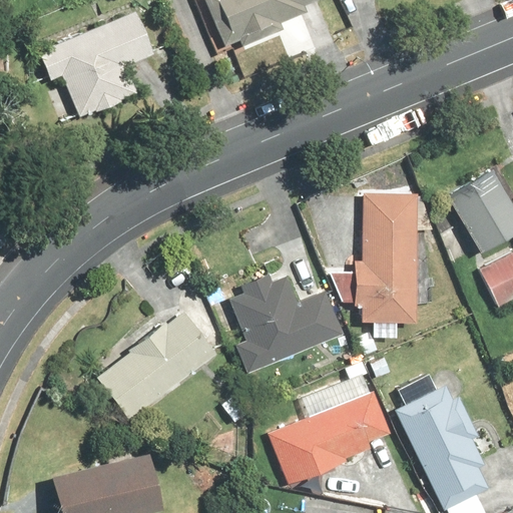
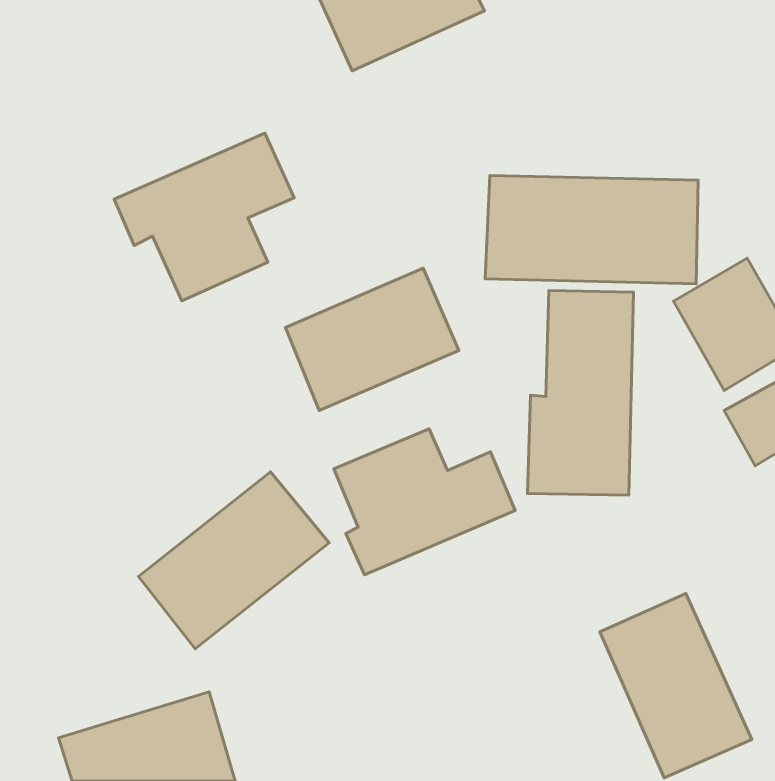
building: [38,10,155,119] -> [114,133,294,301]
building: none -> [485,176,698,284]
building: none -> [285,268,459,410]
building: [270,390,391,484] -> none

